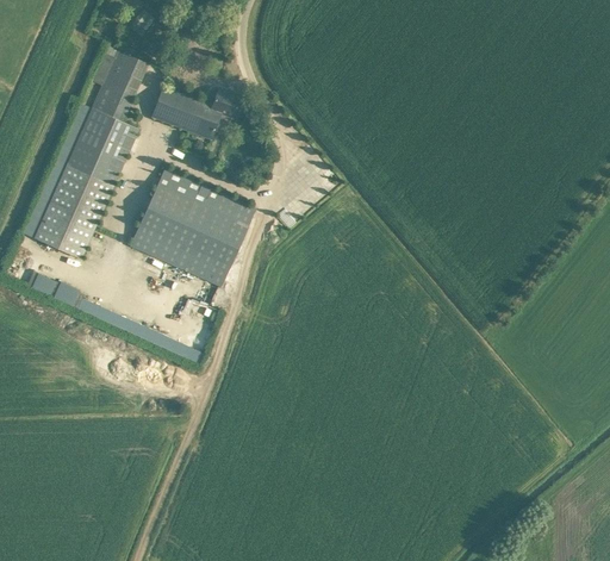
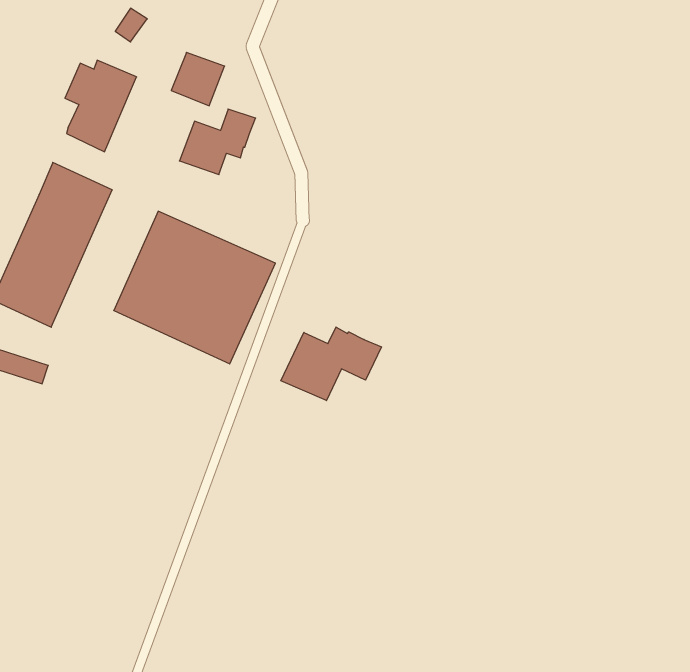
building: [150,87,192,129] -> [171,52,225,106]
building: [81,107,137,151] -> none
building: none -> [281,327,382,401]

